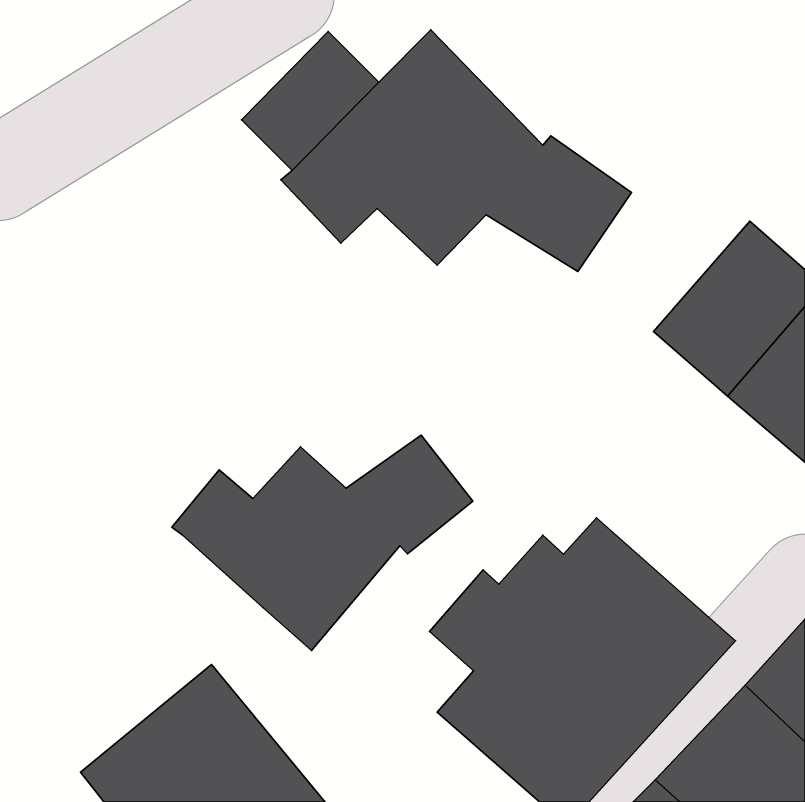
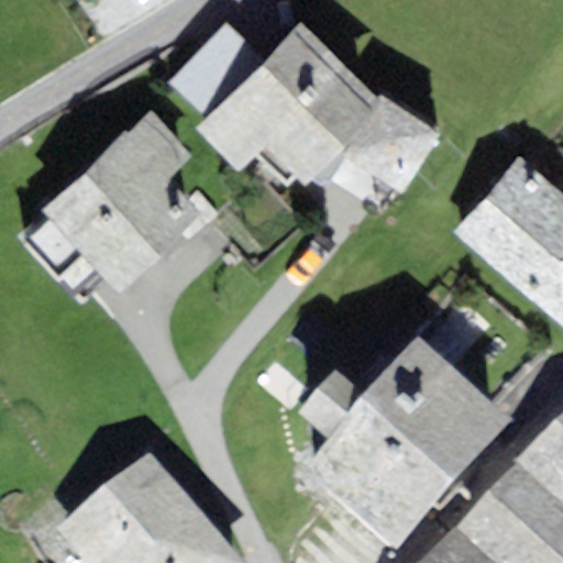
building: none -> [43,109,218,291]
building: [172,435,473,650] -> none

